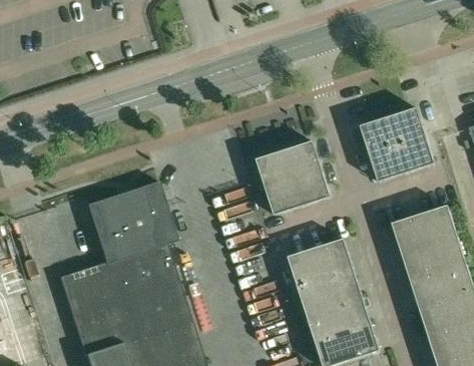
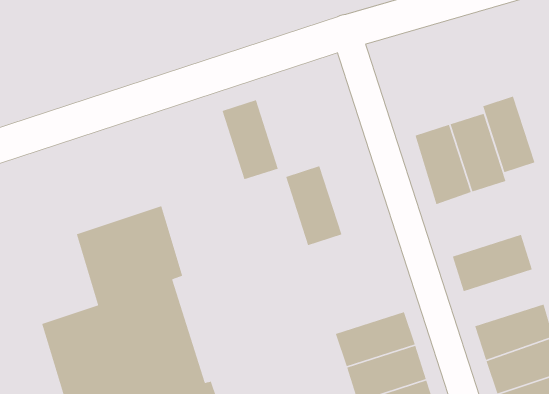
building: none -> [482,96,535,173]
building: [285,141,331,207] -> [222,99,279,180]
building: [400,235,465,280] -> none
building: [288,240,353,286] -> none

